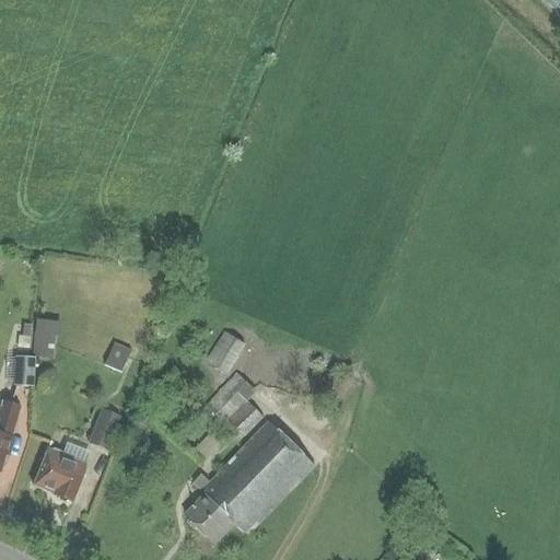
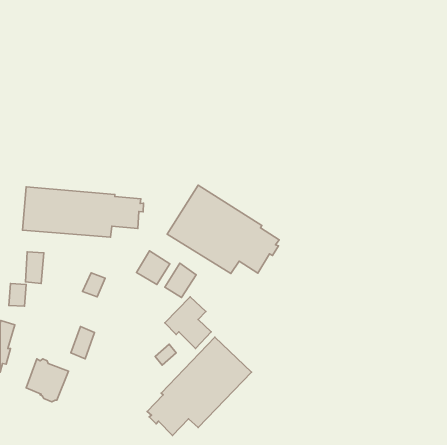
building: none -> [167,185,279,274]
building: none -> [22,187,144,237]
building: none -> [137,251,170,285]

